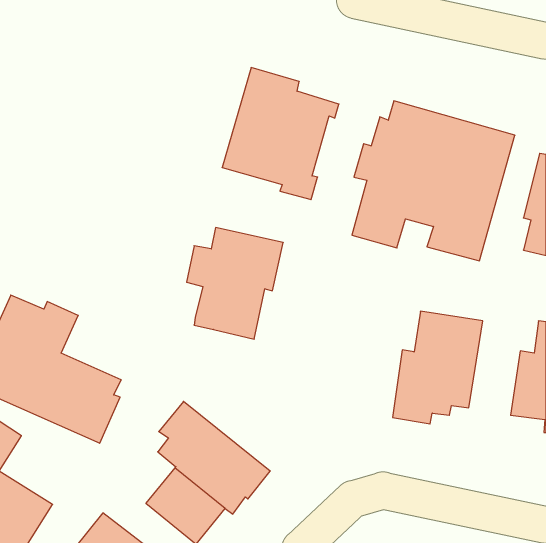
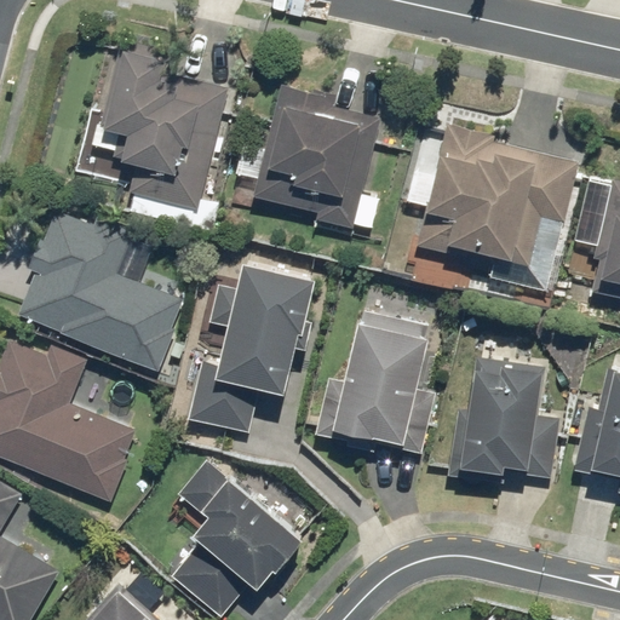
building: none -> [96,35,237,213]
building: none -> [18,211,191,368]
building: none -> [310,304,437,459]
building: none -> [190,361,260,434]

